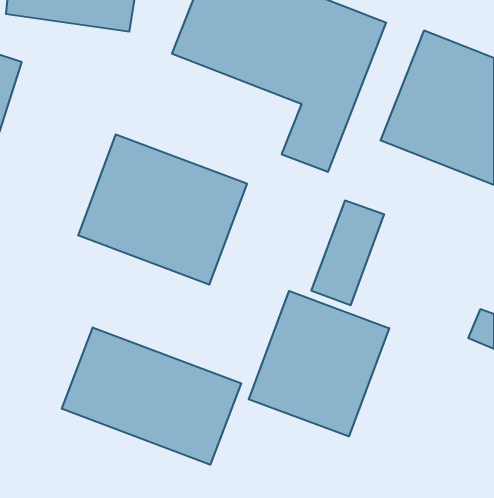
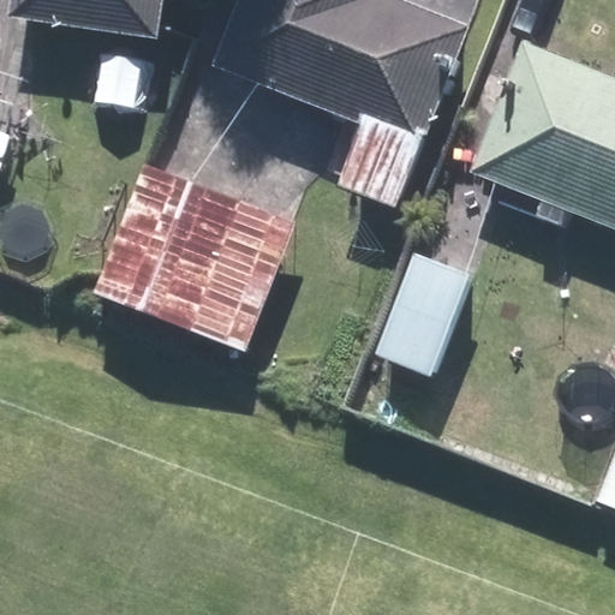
building: [249,291,389,436] -> none
building: [62,327,241,465] -> none

